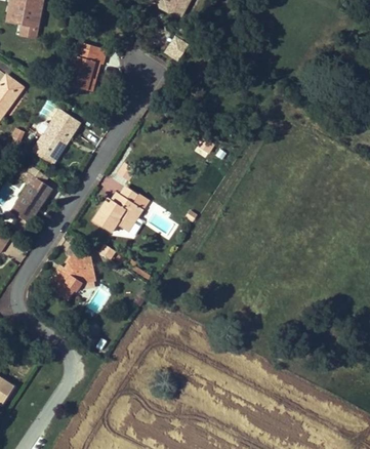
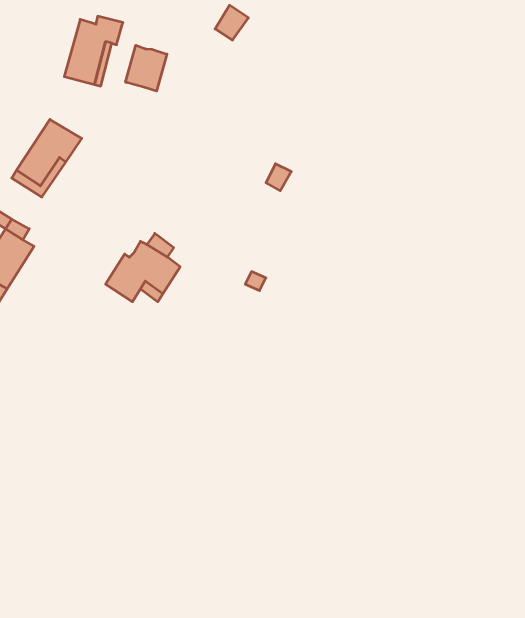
building: none -> [126,45,167,91]
building: [49,245,97,296] -> none

